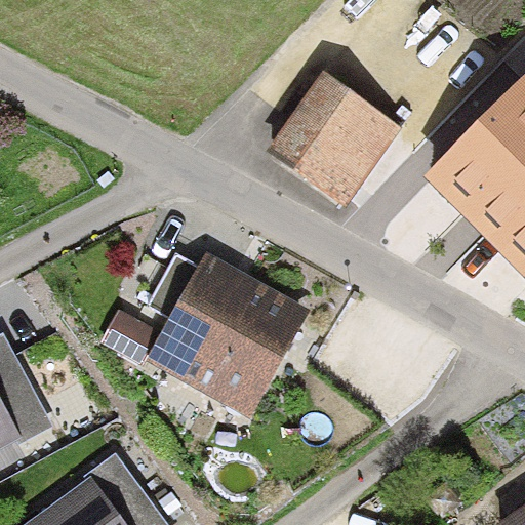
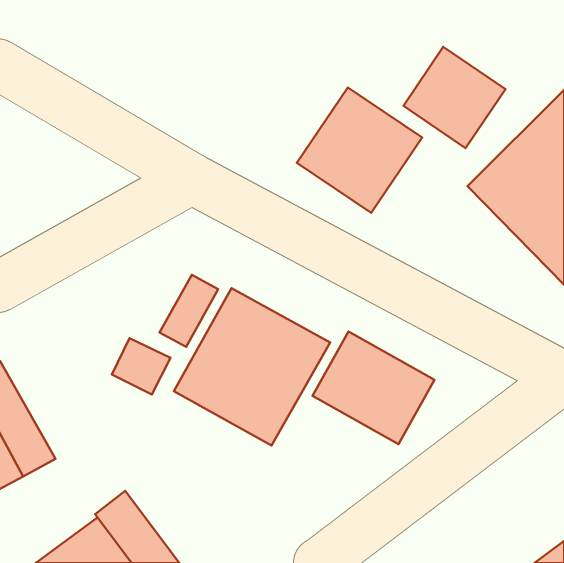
building: none -> [403,47,505,148]
building: none -> [313,332,434,444]

